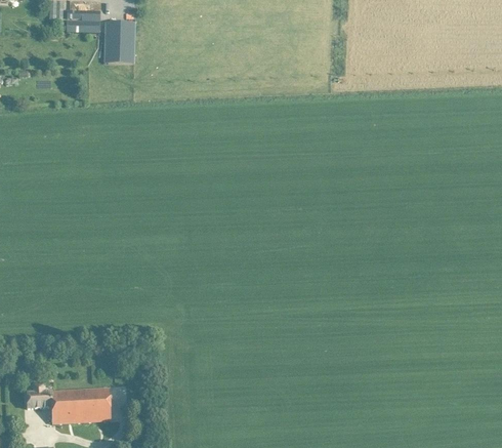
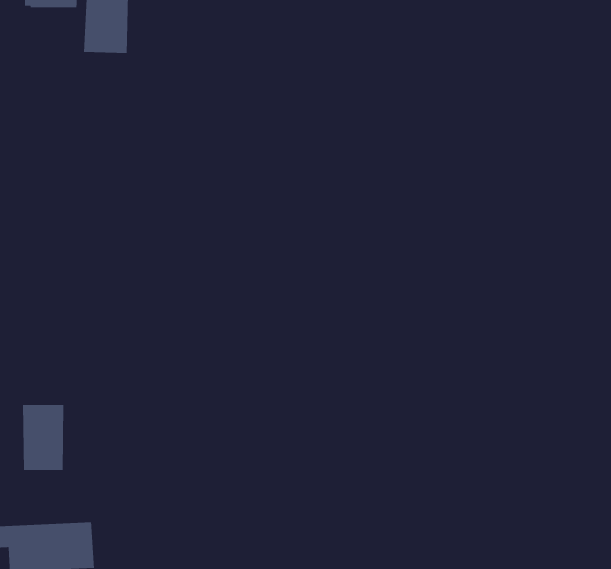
building: none -> [22,404,64,471]

